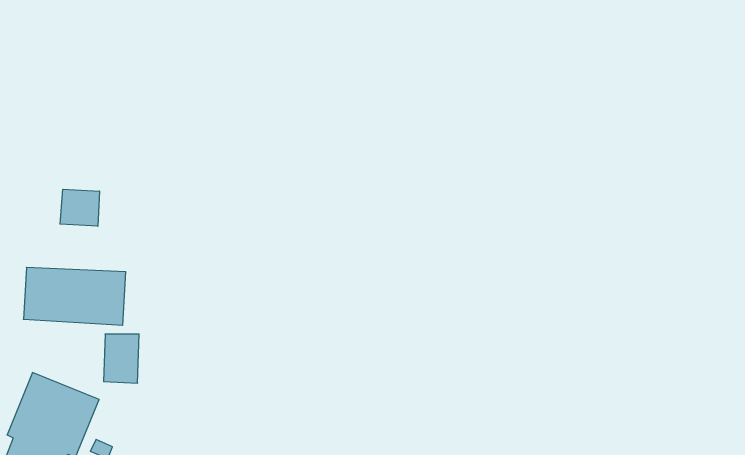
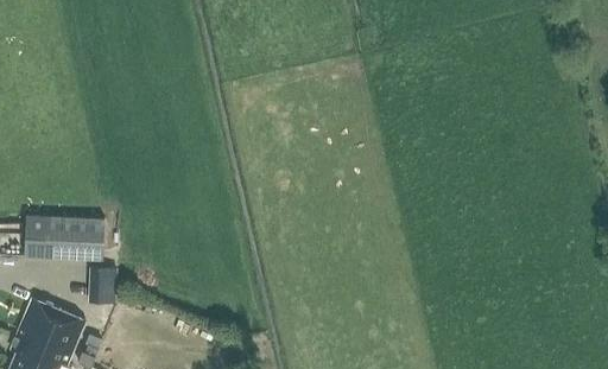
building: [60,189,99,226] -> none

